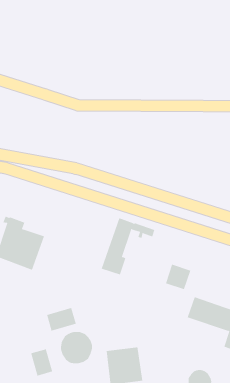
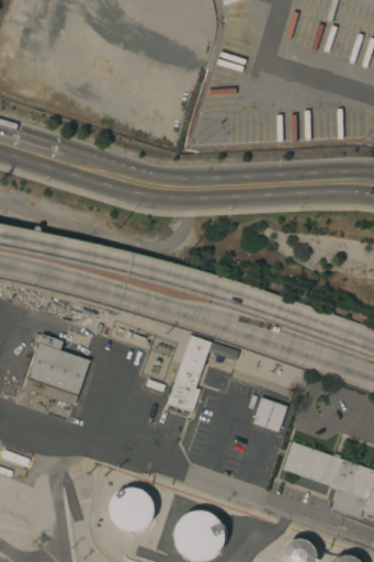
building: [46,307,76,332] -> none
building: [31,348,53,376] -> none

